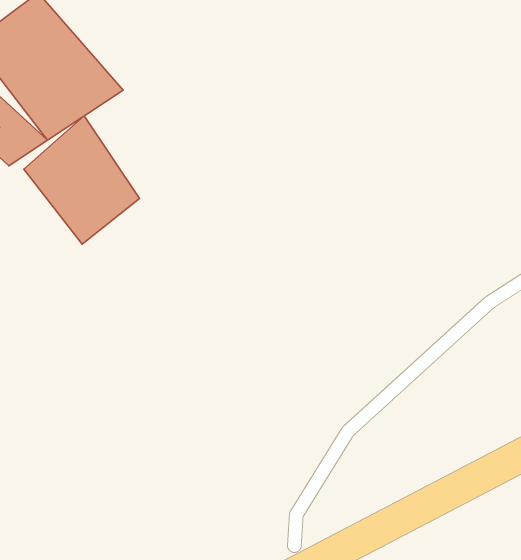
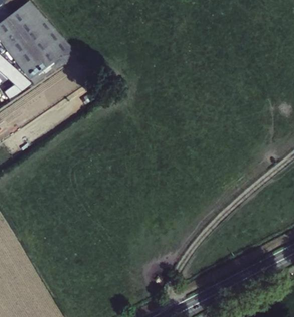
building: [24,116,140,244] -> none

